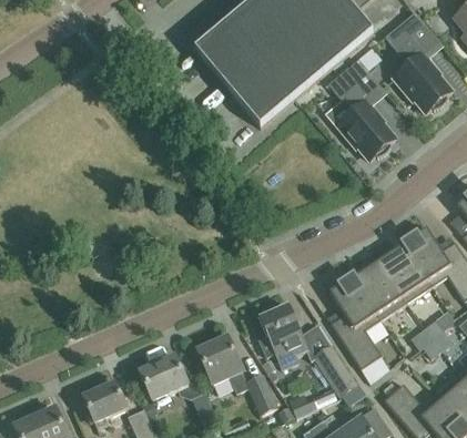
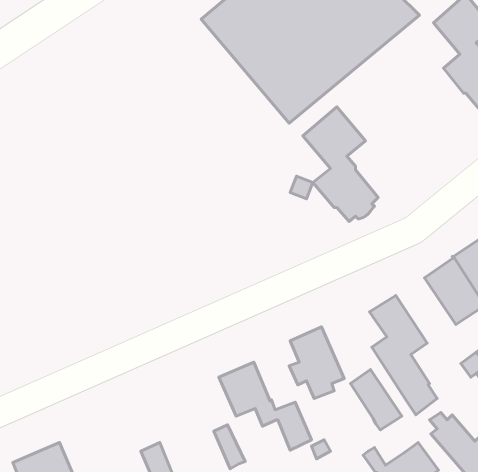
building: [328,58,395,159] -> [303,107,378,221]
building: [353,262,406,319] -> none
building: [138,355,187,401] -> none
building: [82,381,126,422] -> none

